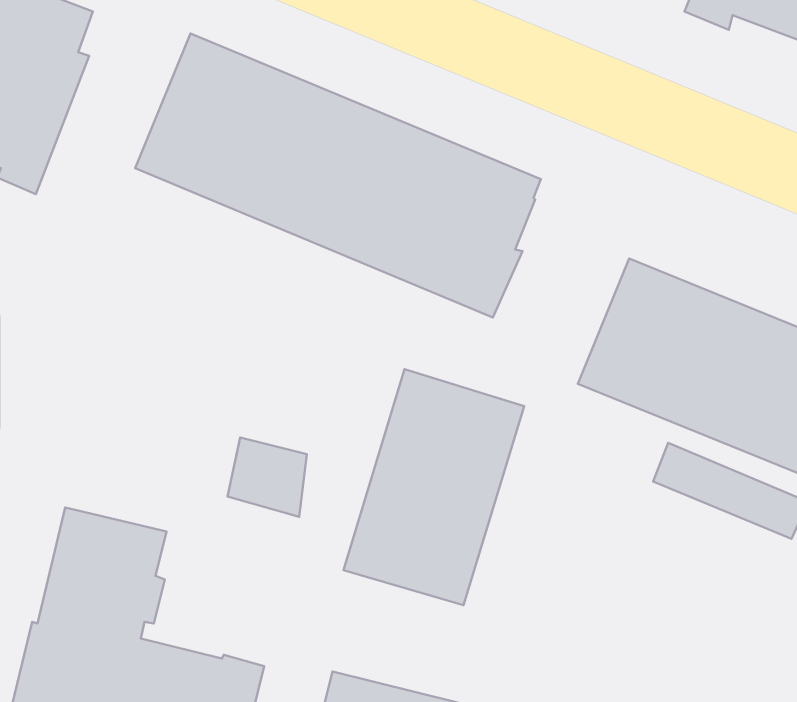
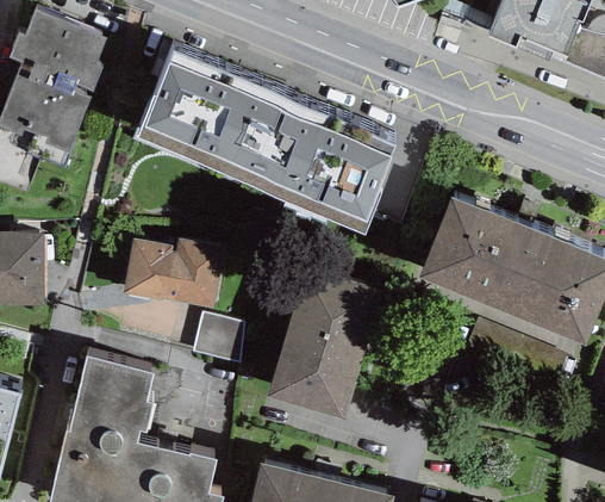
building: none -> [123,237,224,308]

